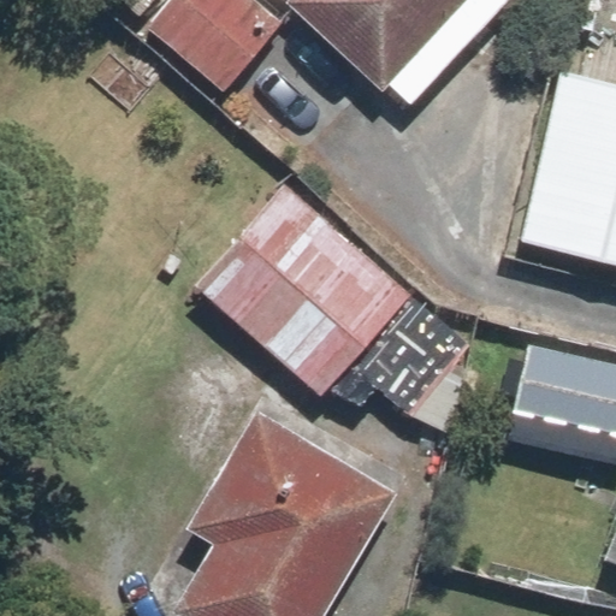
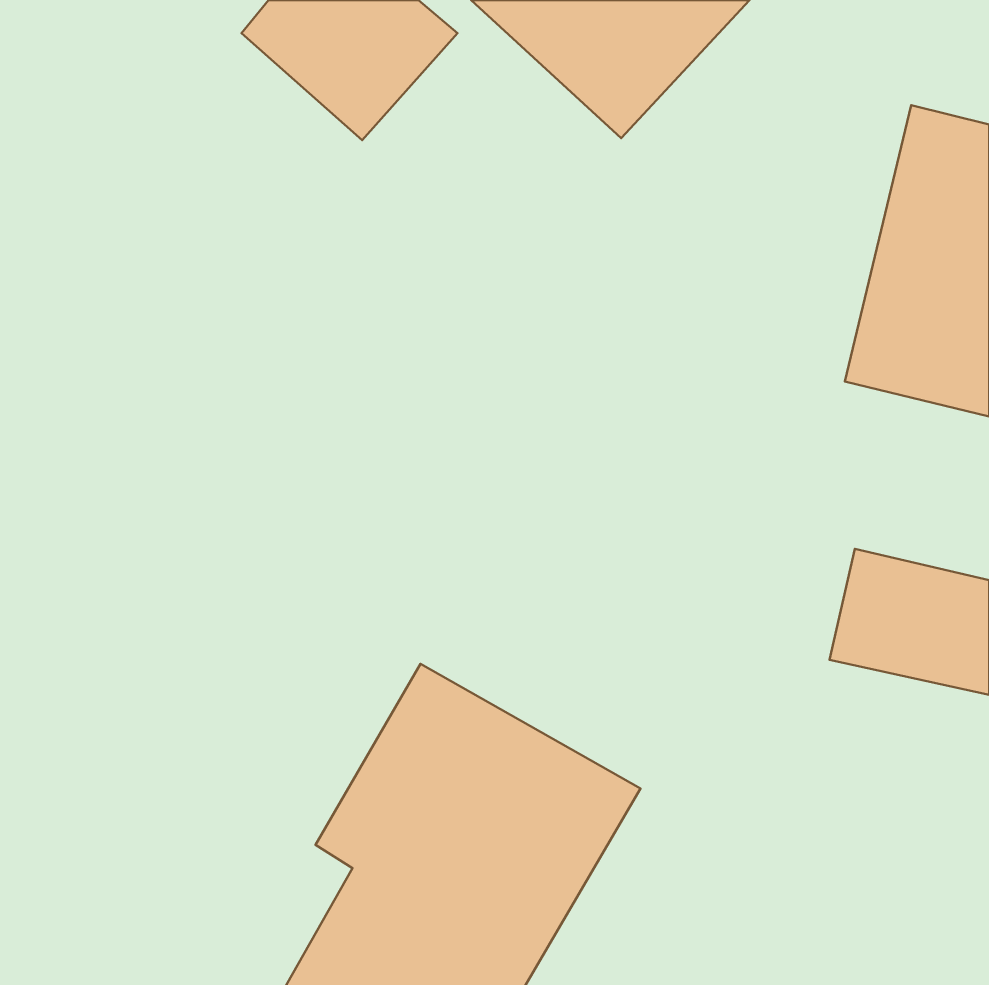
building: [196,186,469,416] -> none

